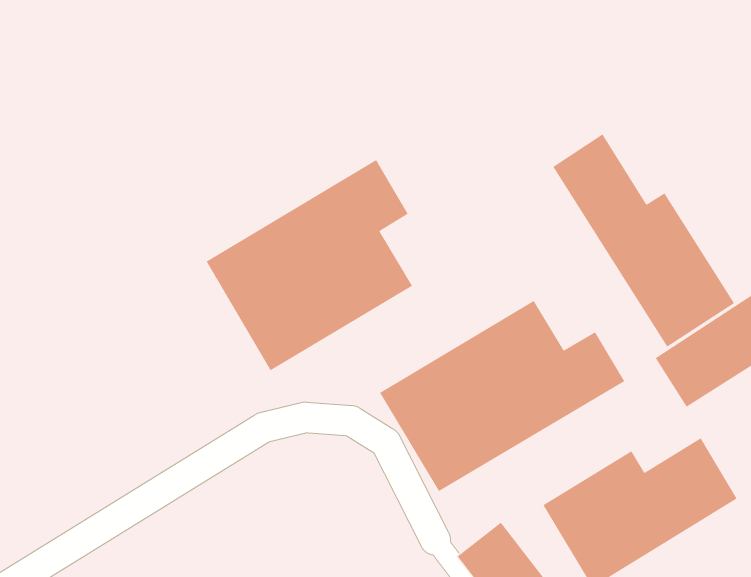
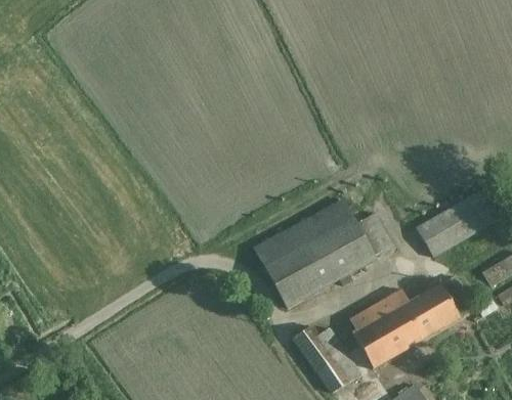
building: [552,134,735,348] -> none
building: [206,159,413,371] -> none

